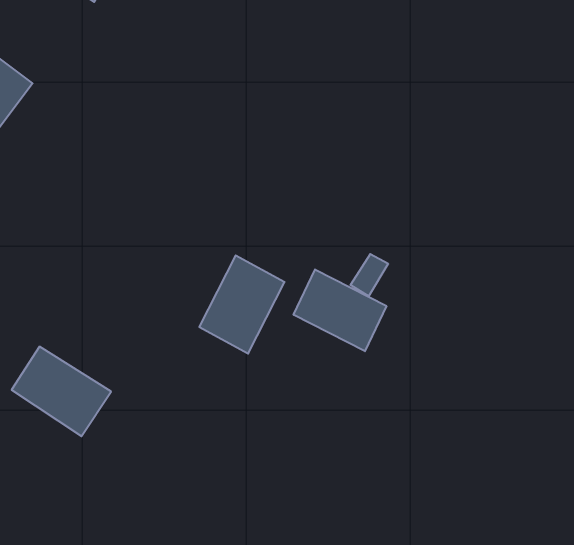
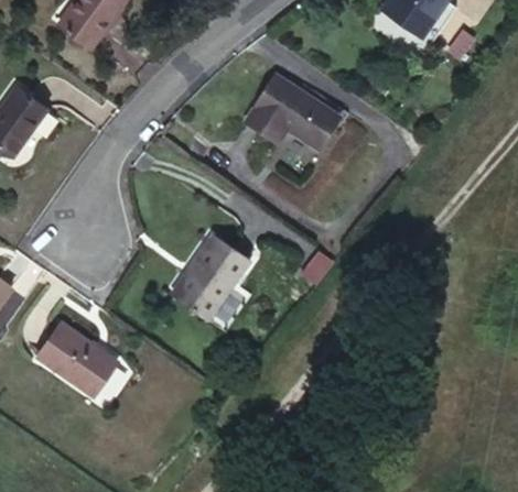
building: none -> [239,70,333,144]
building: [294,269,386,351] -> none

